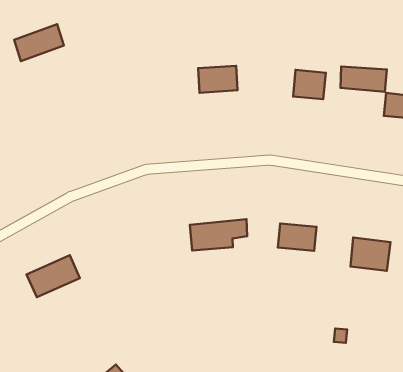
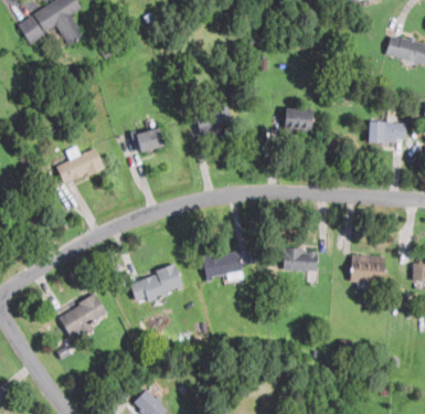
building: [14,24,64,61] -> [57,148,103,184]
building: [341,67,387,92] -> none
building: none -> [136,128,164,152]
building: none -> [129,266,183,305]

